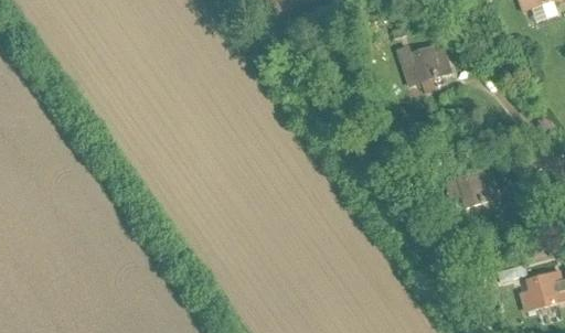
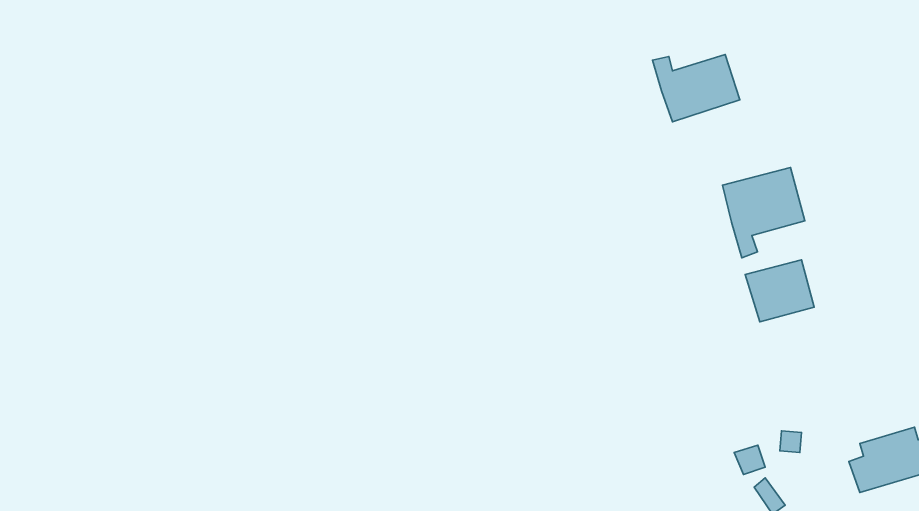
building: none -> [723,167,805,258]

